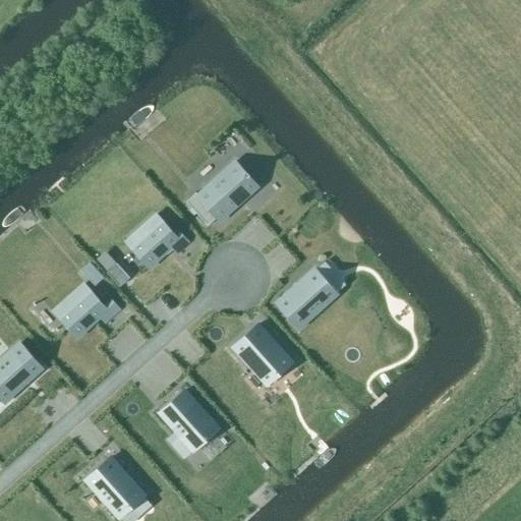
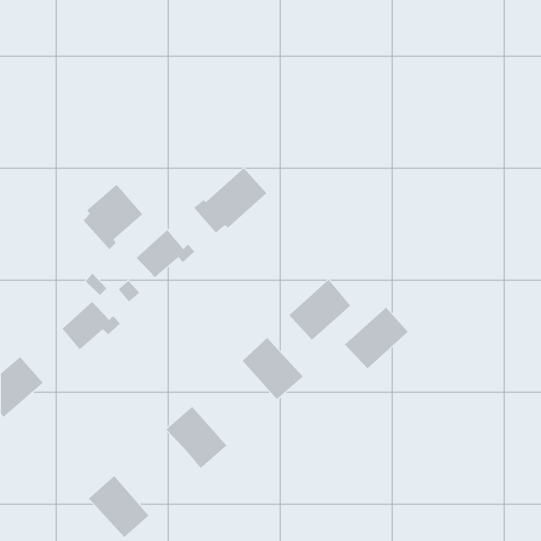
building: none -> [83,184,143,250]
building: none -> [344,307,408,369]

